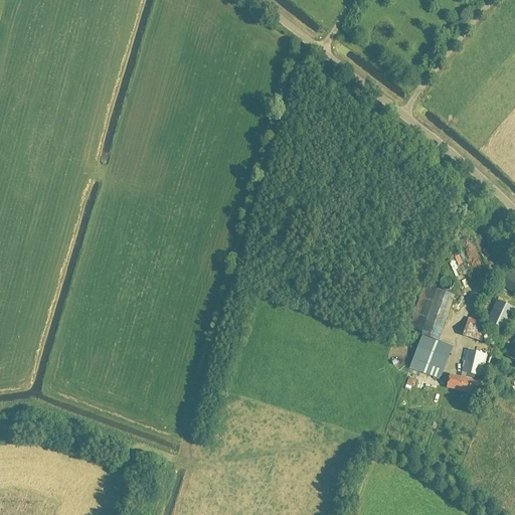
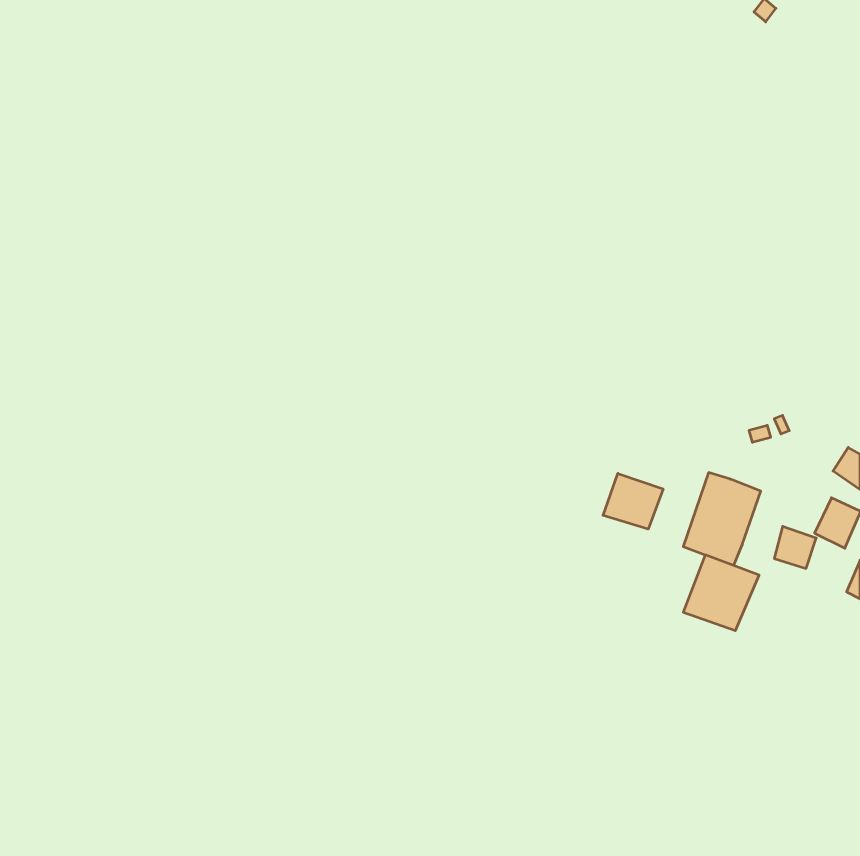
building: none -> [603,473,663,529]
building: [447,348,486,393] -> none

